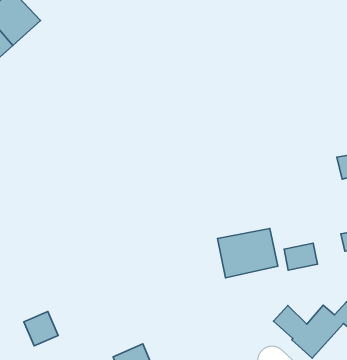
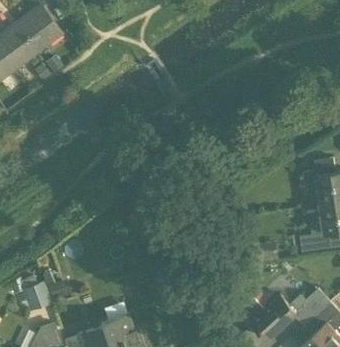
building: [218,228,278,278] -> none

